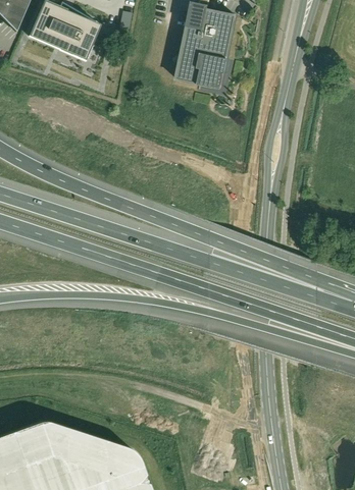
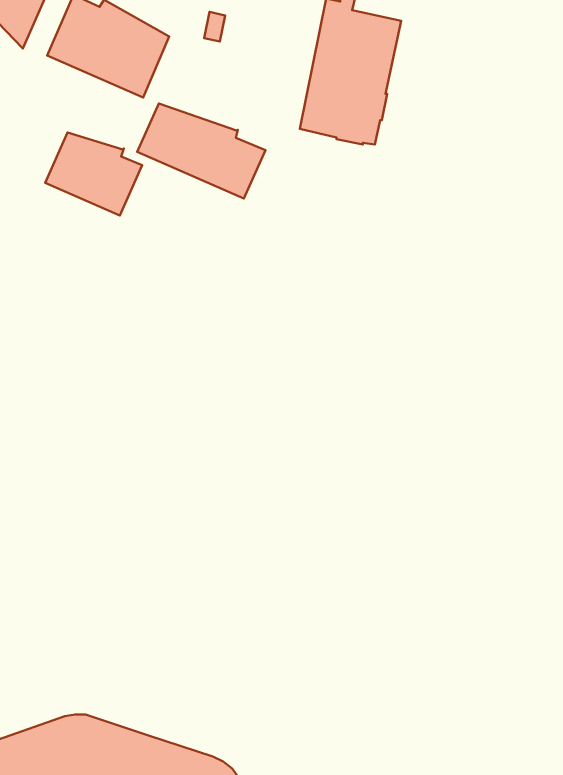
building: none -> [137,104,265,199]
building: none -> [45,132,142,215]

